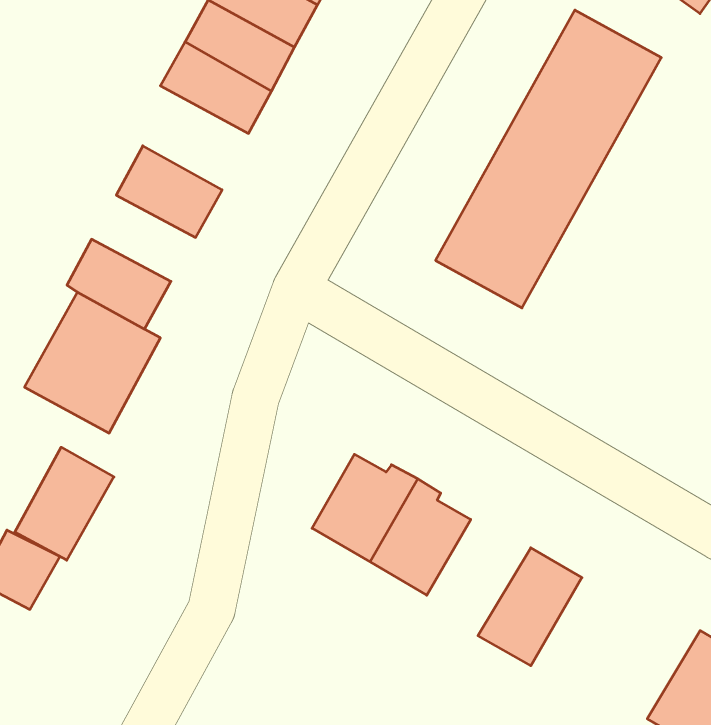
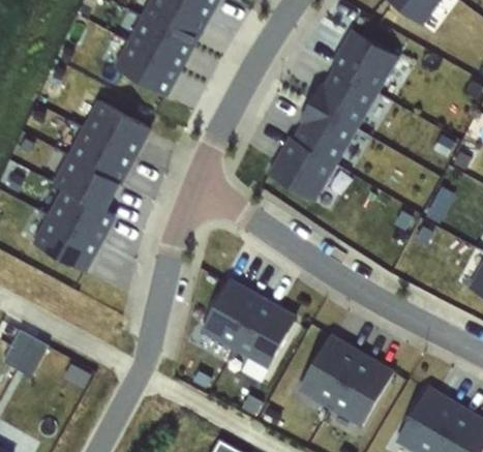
building: none -> [70,131,131,182]
building: [15,447,114,560] -> none
building: none -> [328,356,390,426]

